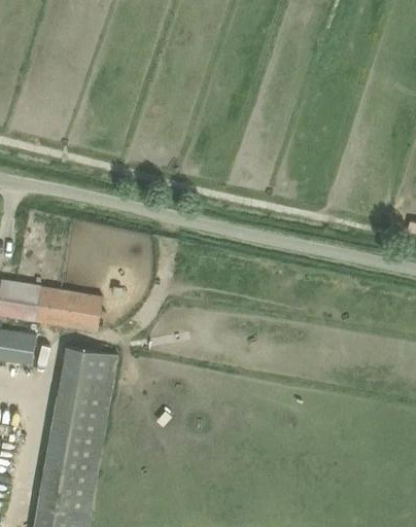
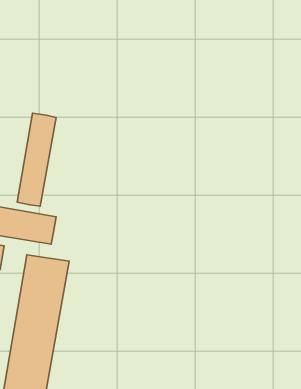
building: none -> [17,113,56,206]

